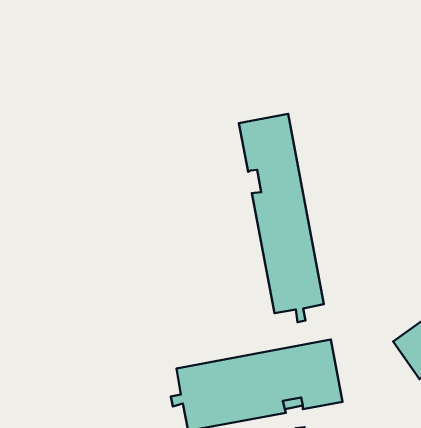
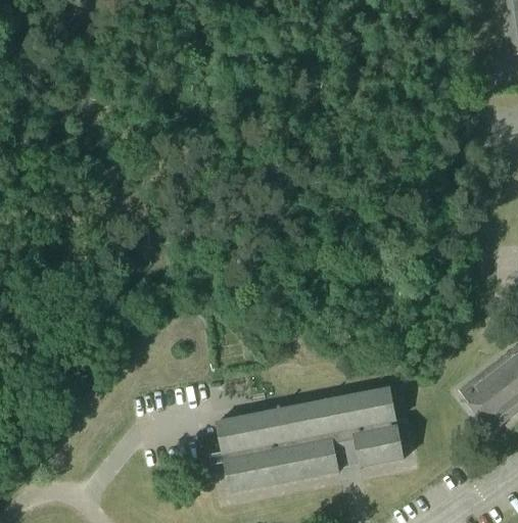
building: [239,114,324,322] -> none

